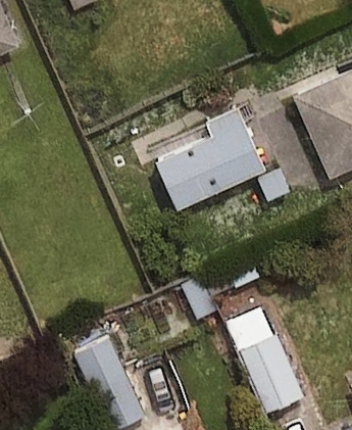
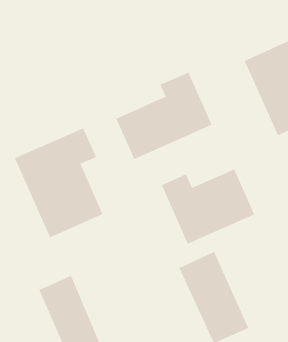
building: none -> [14,128,103,238]
building: none -> [161,168,255,245]

